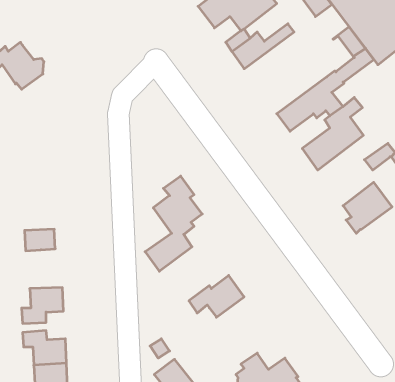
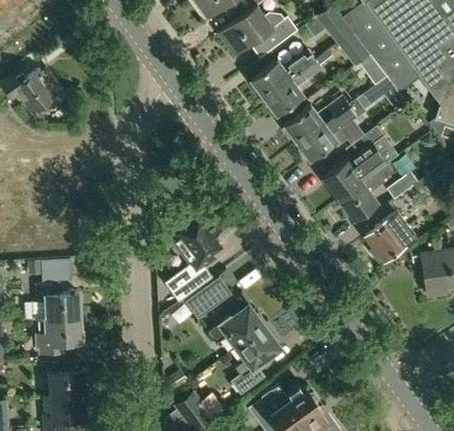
building: none -> [337,32,371,67]
building: none -> [264,60,322,115]
building: none -> [284,97,348,143]
building: none -> [339,165,392,221]
building: none -> [186,278,231,319]
building: none -> [35,285,80,320]
building: none -> [232,328,280,395]

